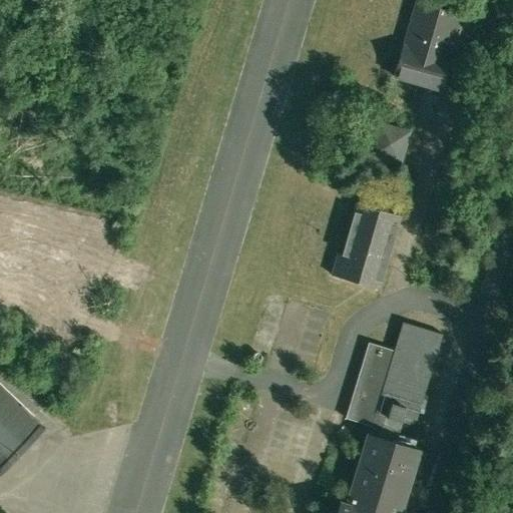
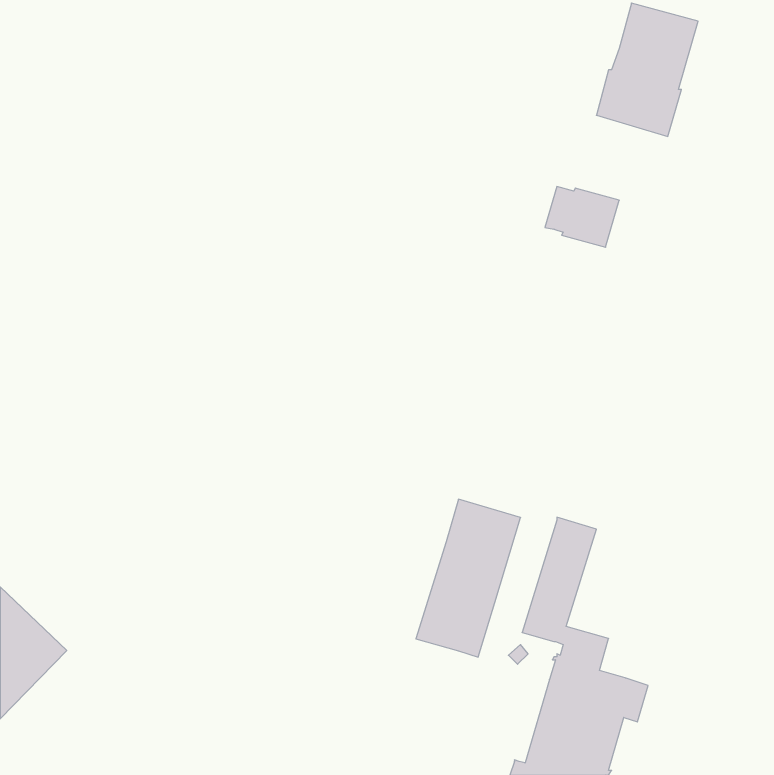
building: [333,203,401,289] -> none
building: [375,322,444,426] -> [416,499,521,657]

